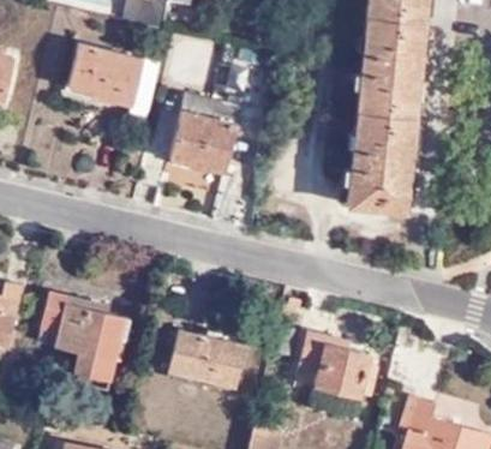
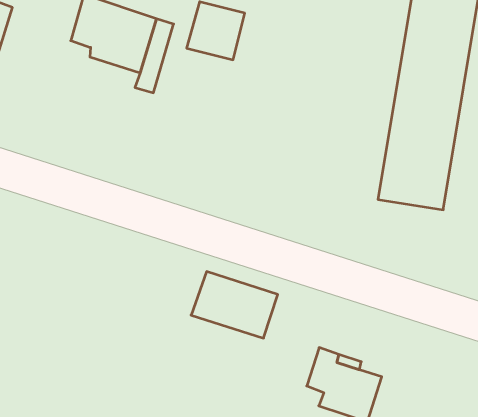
building: [166,94,234,170] -> none
building: [37,293,122,379] -> none
building: [164,334,240,389] -> [191,272,278,338]

